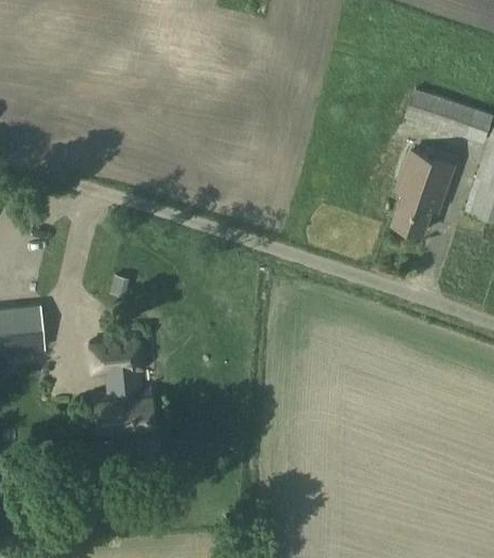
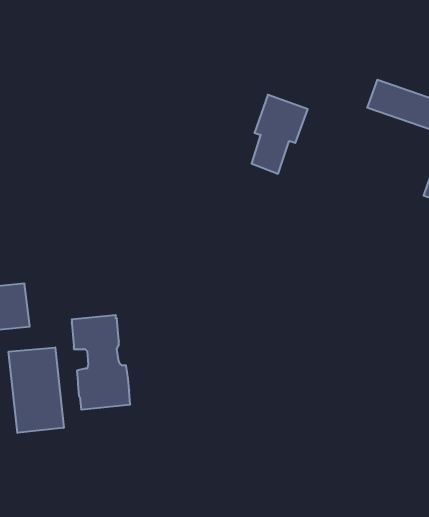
building: [396,150,456,234] -> [251,95,308,174]
building: none -> [9,347,64,433]

